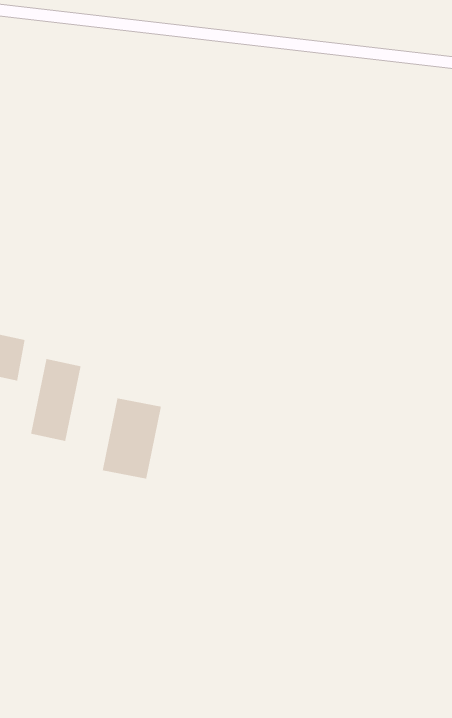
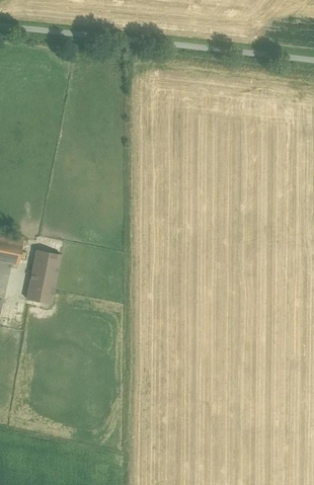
building: [102,397,162,479] -> none

